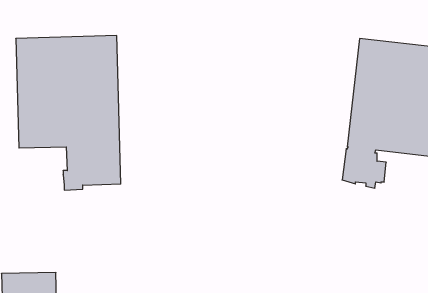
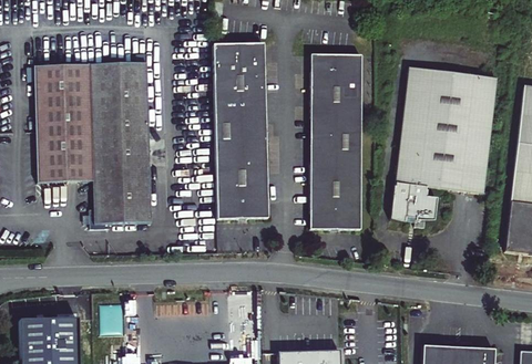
building: none -> [211,42,267,219]
building: none -> [309,54,361,230]

